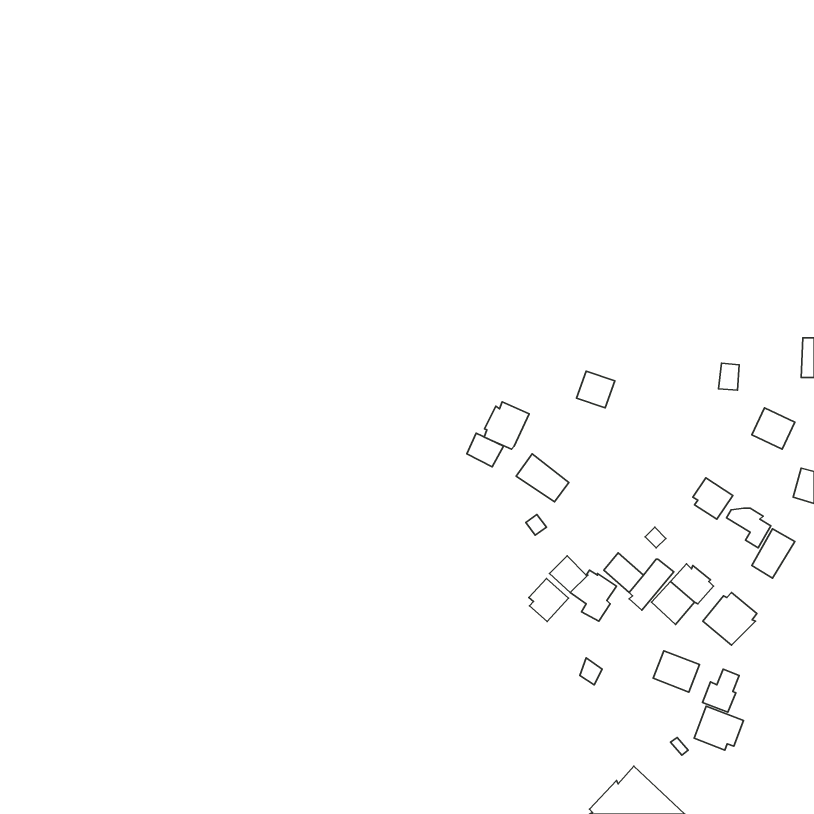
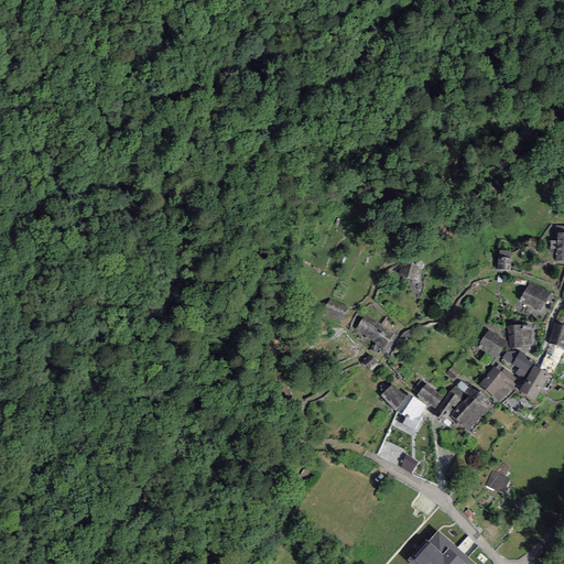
building: [484,402,529,449] -> none
building: none -> [507,325,533,349]
building: [529,578,569,622] -> none
building: [703,593,757,645] -> [479,365,517,401]
building: [653,651,700,692] -> none
building: [694,706,743,750] -> none

